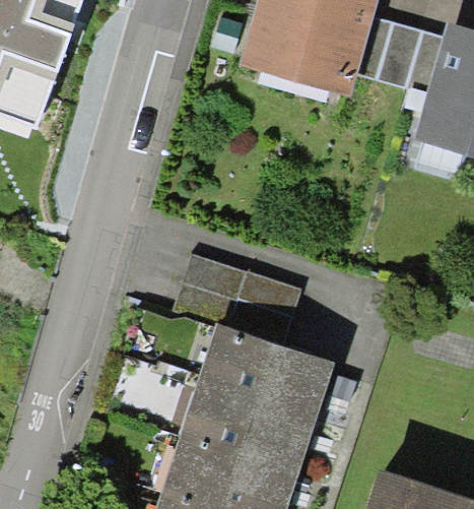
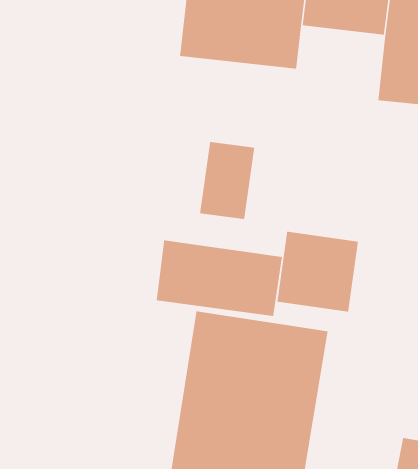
building: none -> [199,141,255,220]
building: none -> [277,231,359,312]

